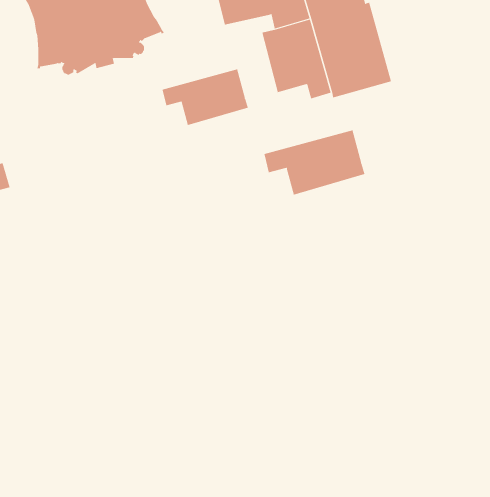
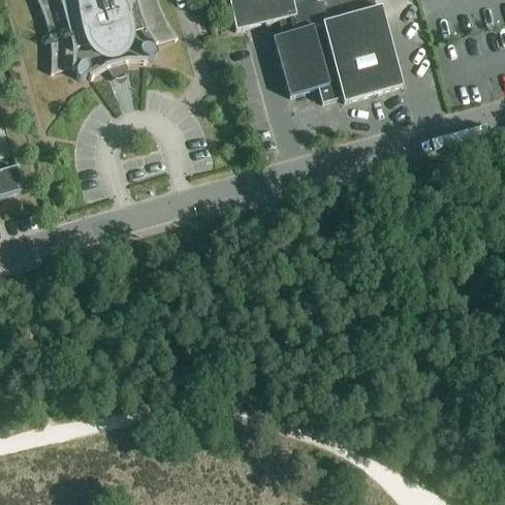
building: [162,69,249,126] -> none
building: [264,129,365,195] -> none

